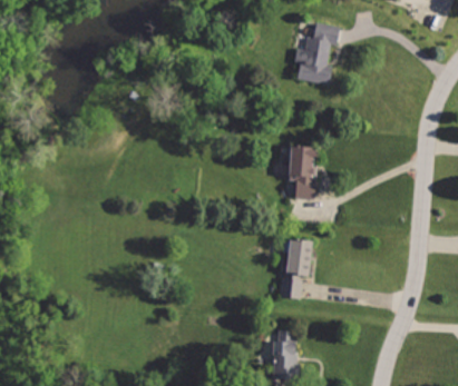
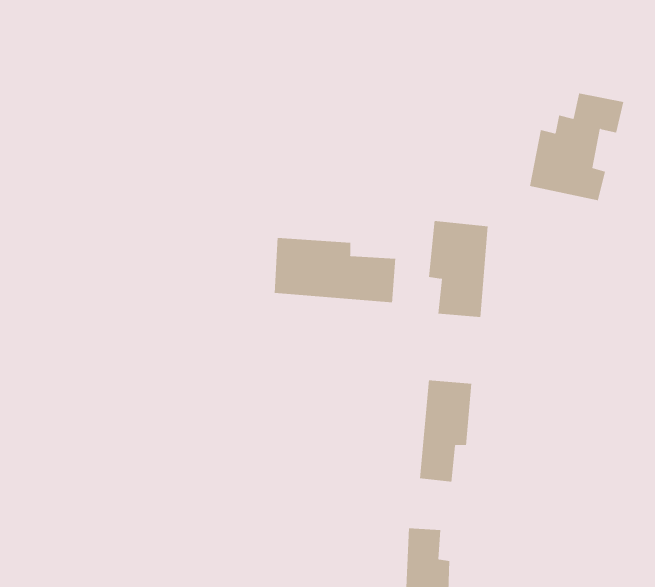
building: [289,22,347,88] -> [529,93,624,201]
building: none -> [274,237,396,303]

